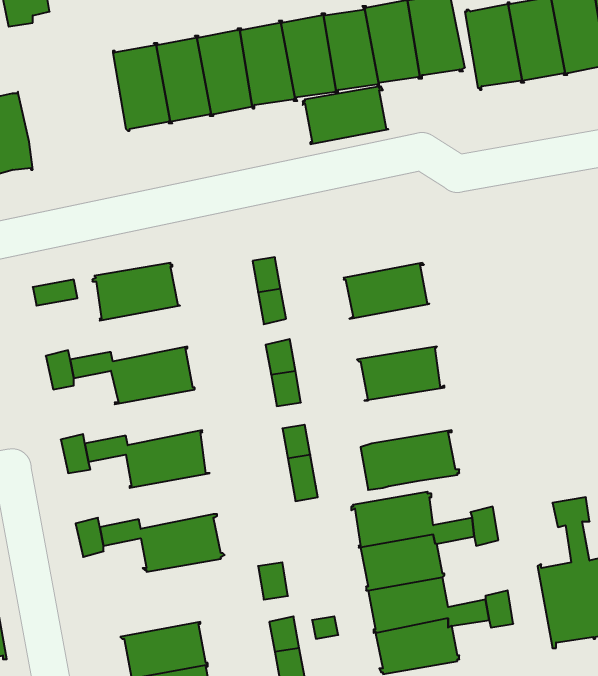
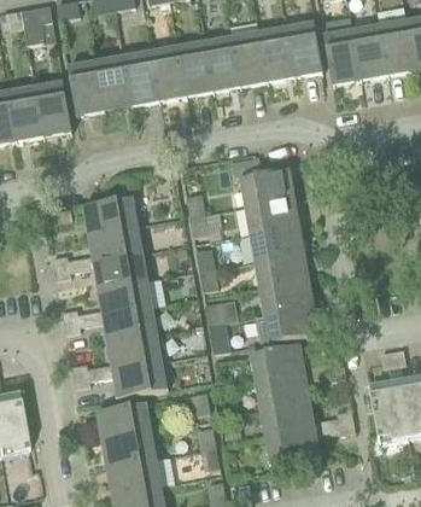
building: none -> [68,60,104,116]
building: none -> [34,80,72,136]
building: [303,86,388,144] -> [240,169,296,206]
building: none -> [248,223,305,260]
building: none -> [87,225,144,261]
building: none -> [97,276,165,315]
building: none -> [258,278,315,314]
building: none -> [106,333,160,369]
building: none -> [95,402,152,439]

